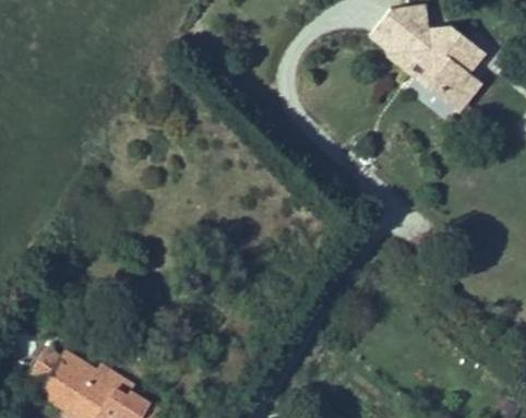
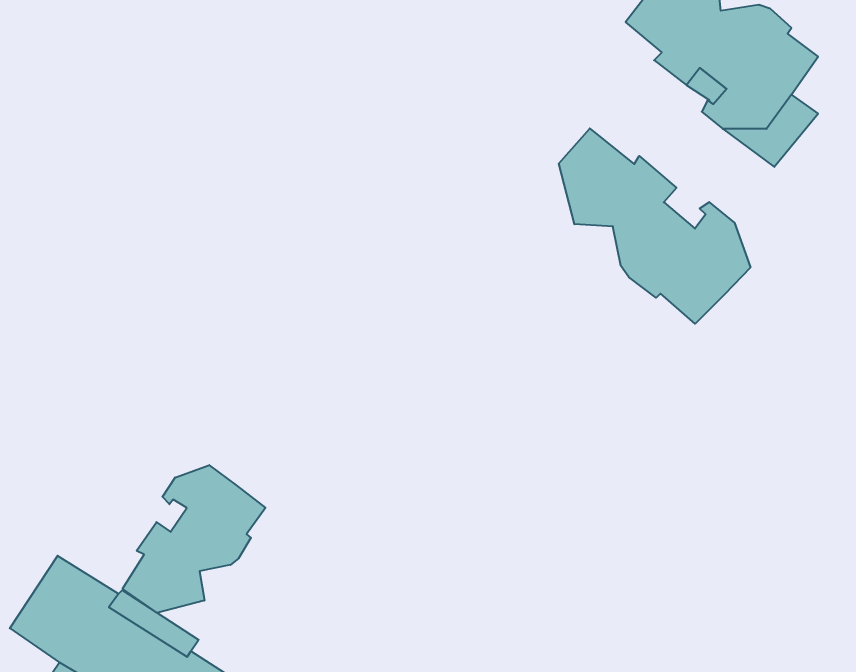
building: none -> [559,128,750,324]
building: none -> [123,465,265,613]

